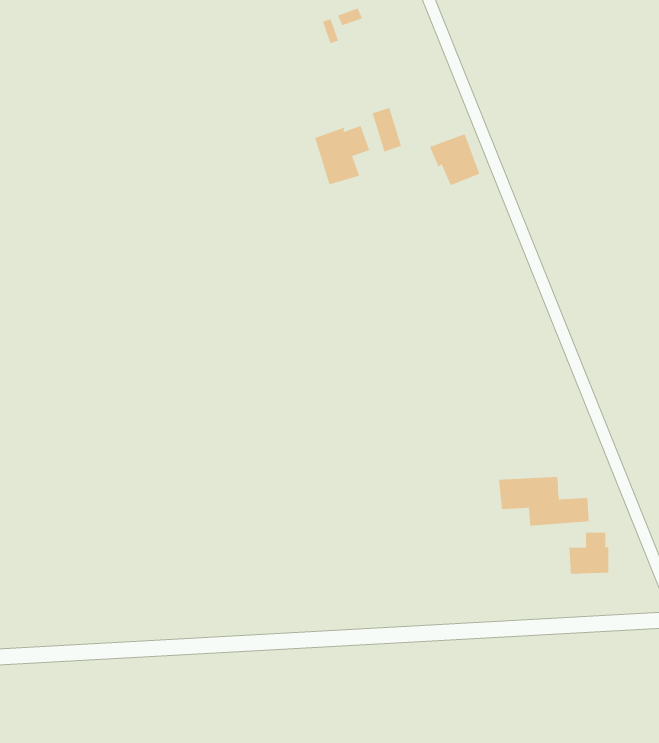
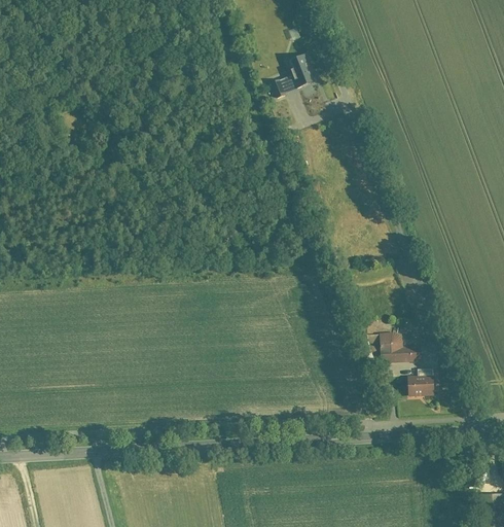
building: [314,125,370,185] -> none
building: [429,133,480,186] -> [284,51,319,87]

